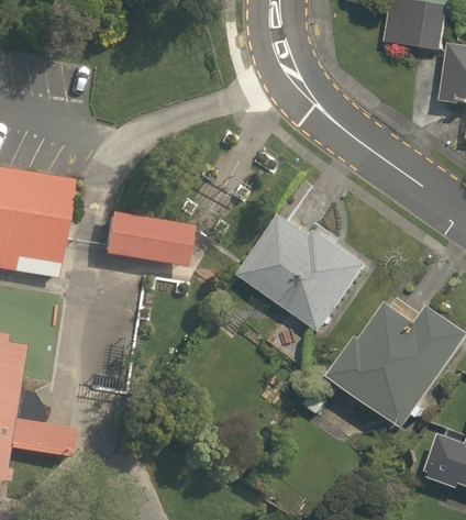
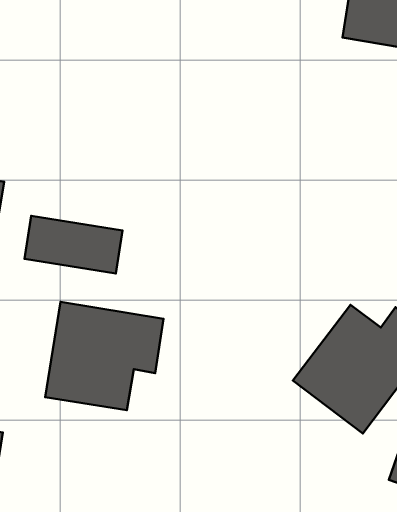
building: [241,208,366,330] -> none
building: none -> [45,302,163,410]

